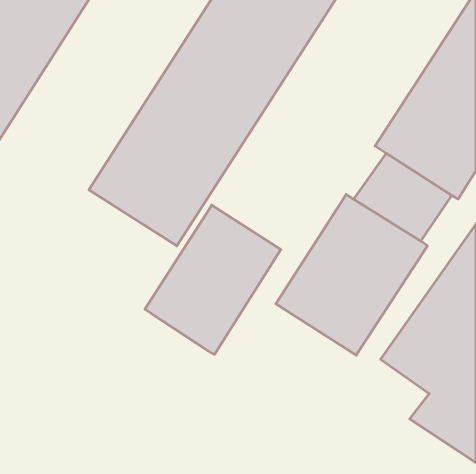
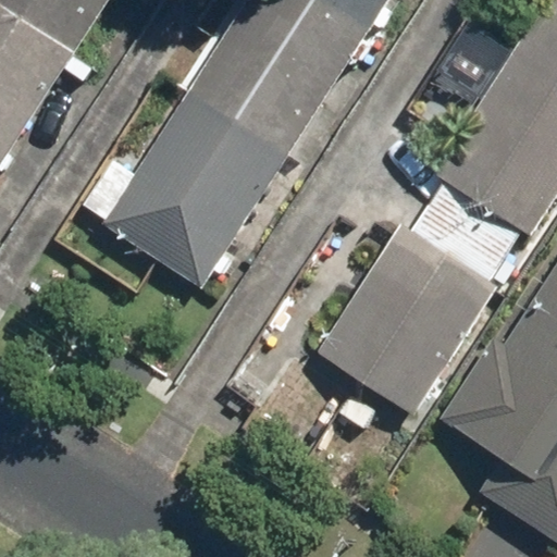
building: [145,205,281,354] -> none

